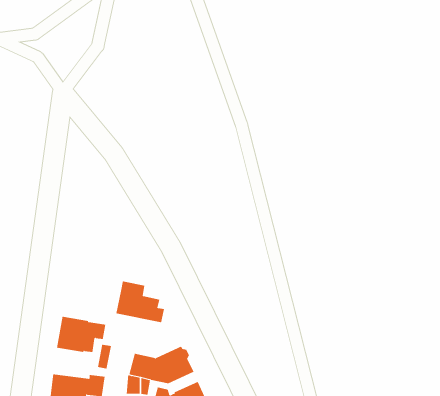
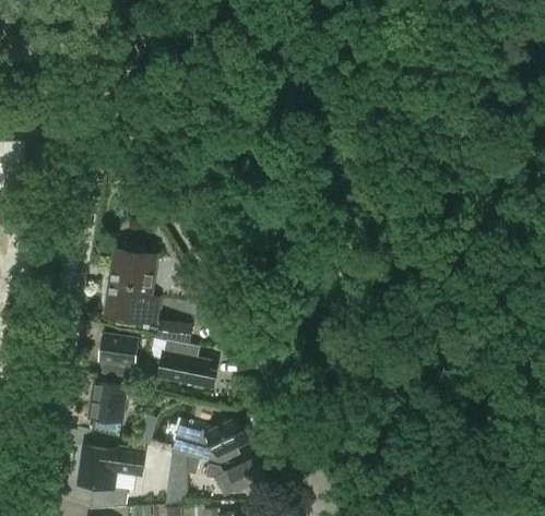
building: none -> [104,250,156,324]
building: none -> [155,320,191,343]
building: none -> [97,334,139,379]

